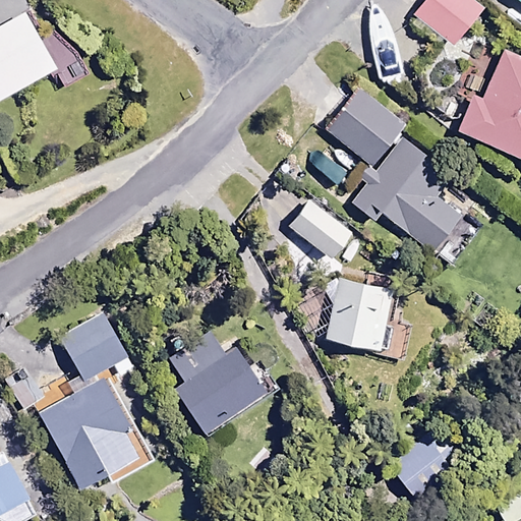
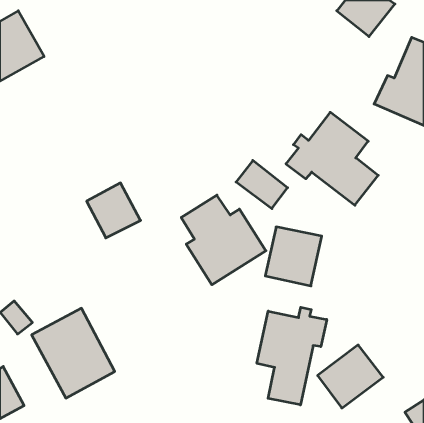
building: [327,89,404,165] -> none
building: [62,311,128,379] -> [87,183,141,238]
building: [168,328,272,438] -> [181,195,266,285]
building: none -> [257,307,327,405]

